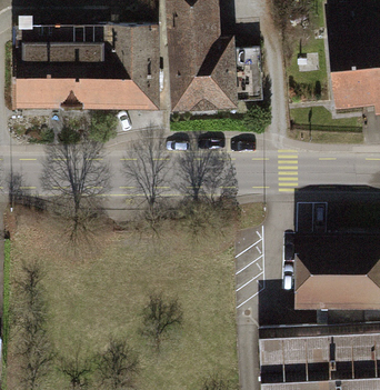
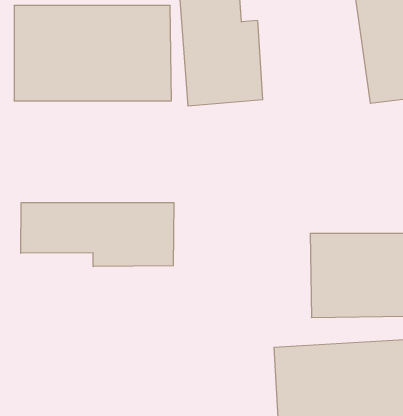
building: none -> [21,203,174,267]

